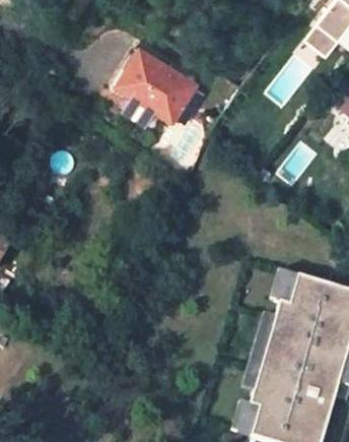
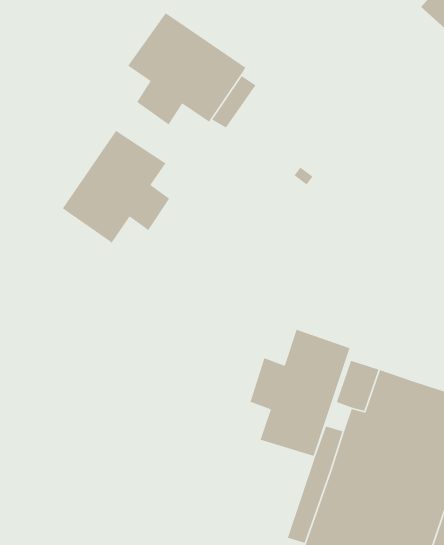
building: none -> [62,130,170,244]
building: none -> [250,329,351,457]

